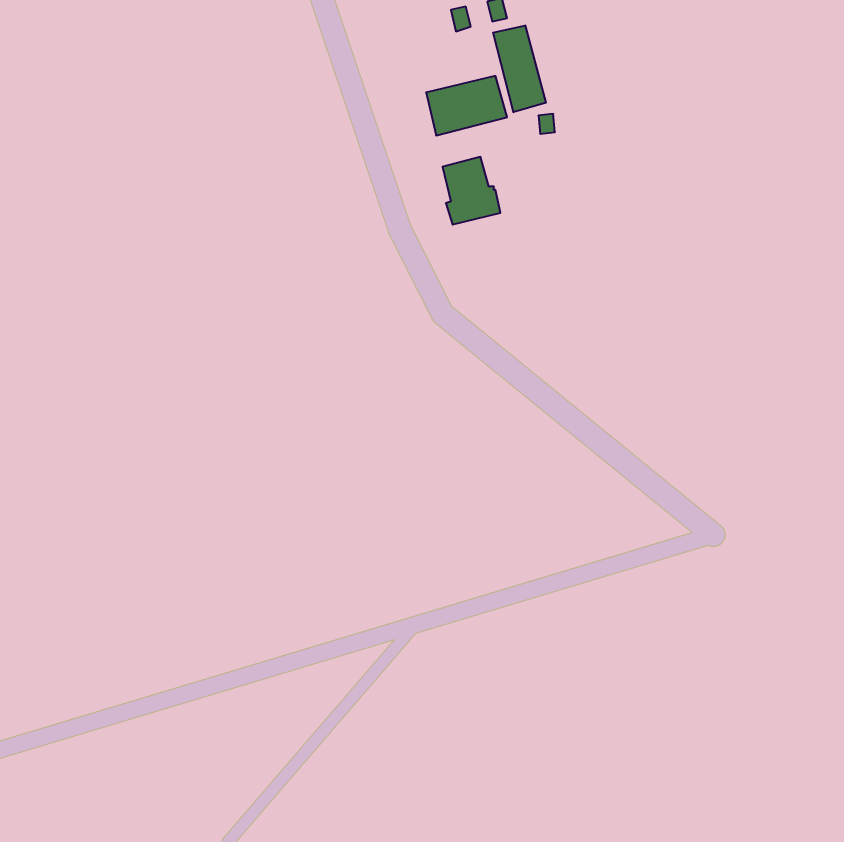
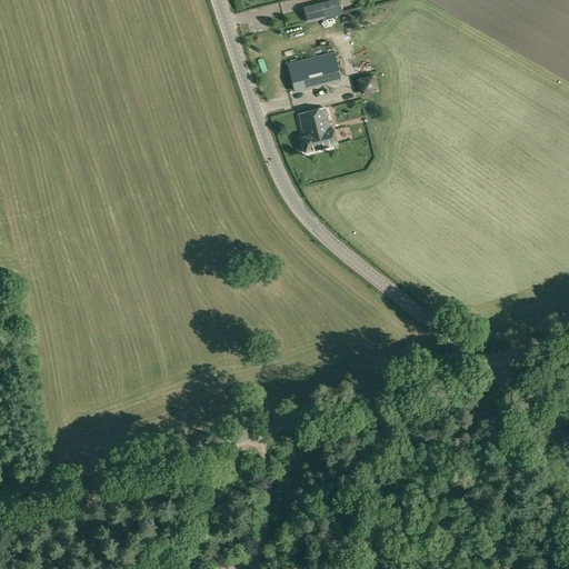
building: [493,25,546,112] -> none

